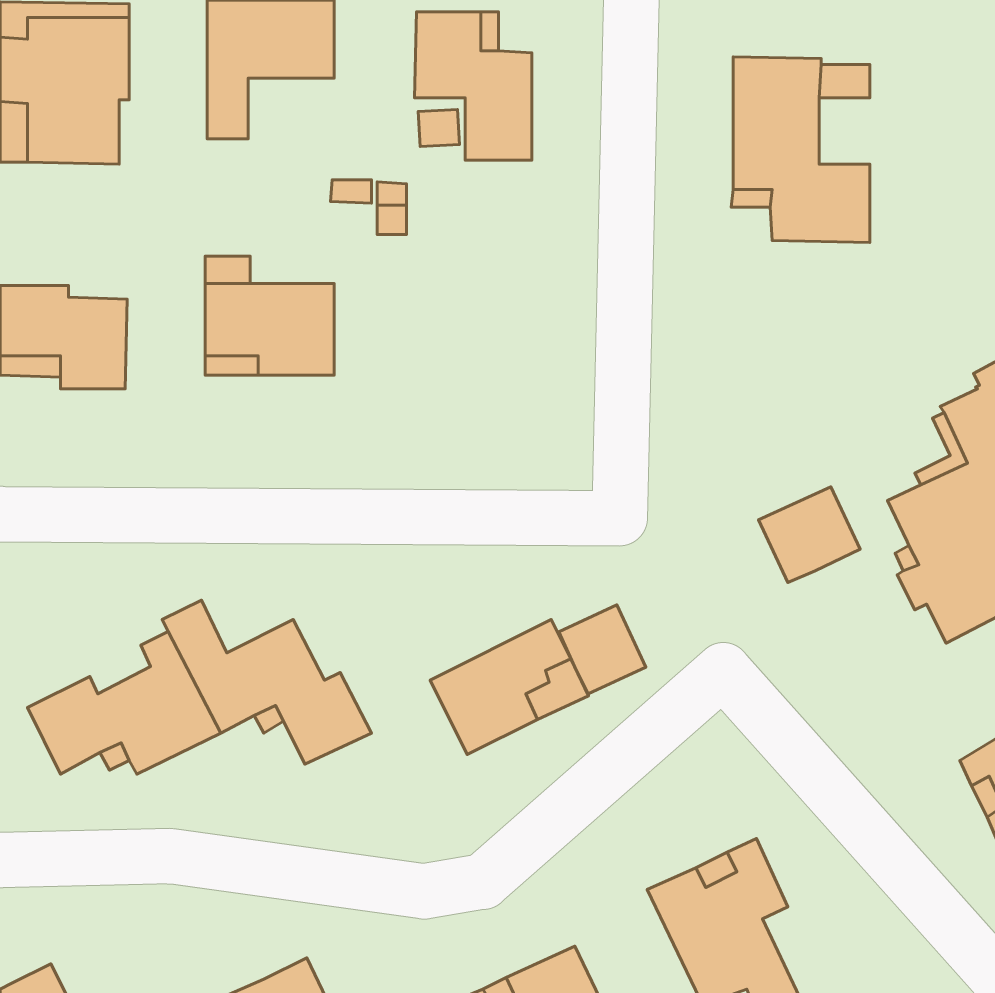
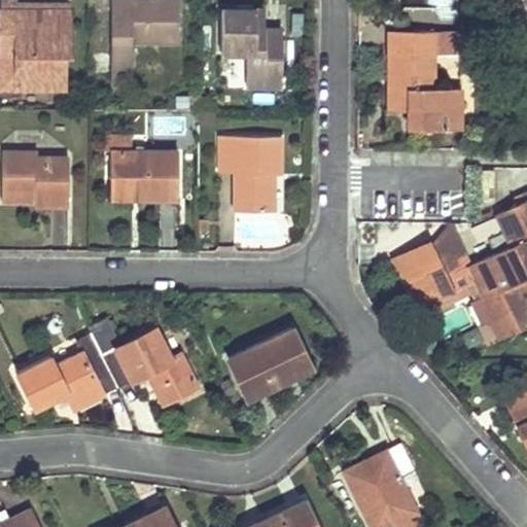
building: none -> [221,137,281,213]
building: none -> [394,236,480,310]
building: [559,605,646,694] -> none

